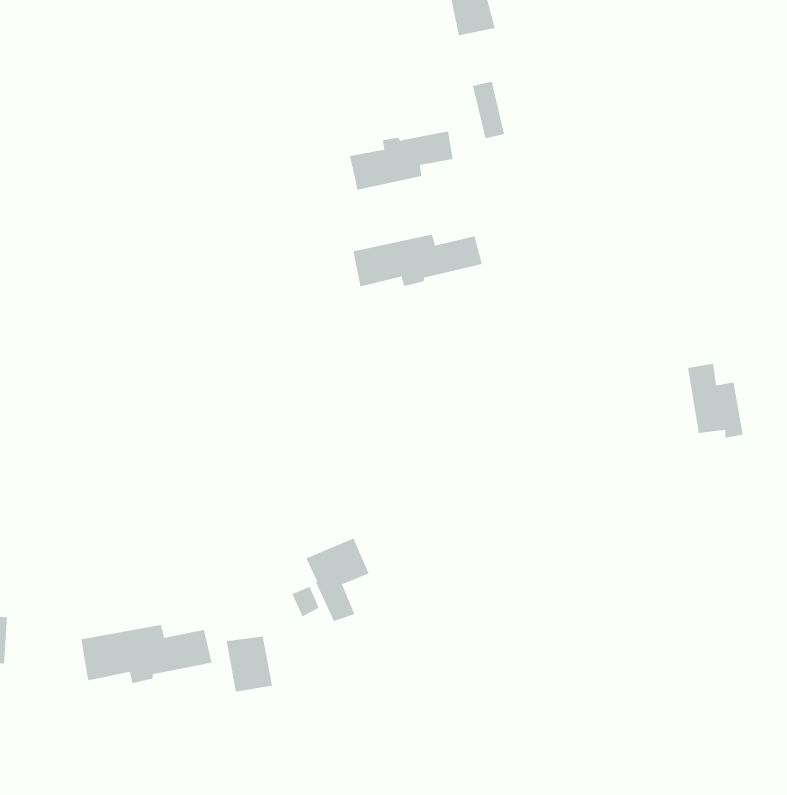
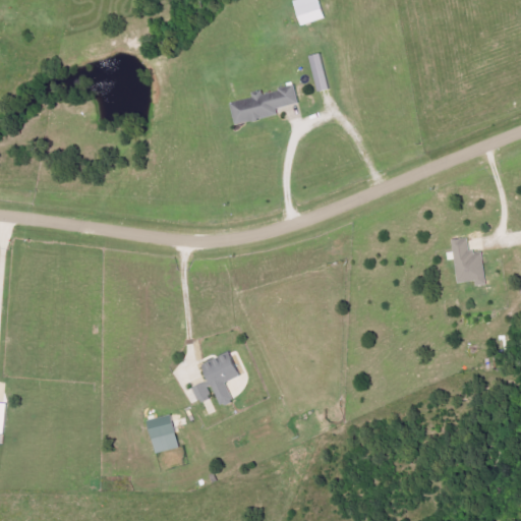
building: [353,234,483,287] -> none
building: [81,624,212,684] -> none

